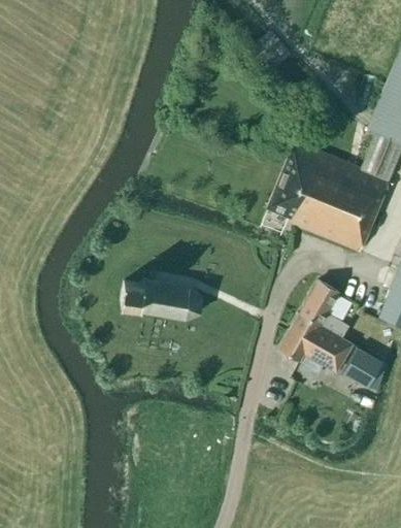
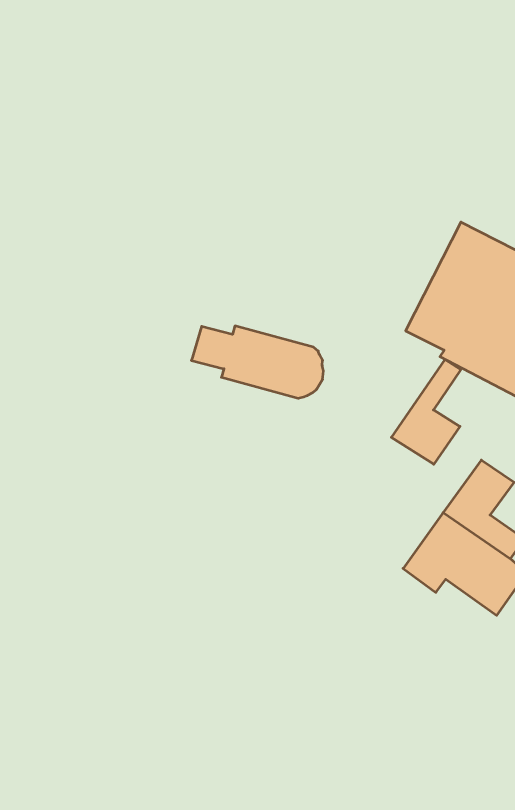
building: none -> [391,359,461,464]
building: [122,278,200,318] -> [191,326,323,398]

